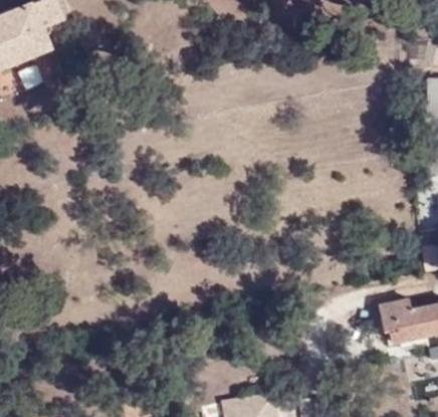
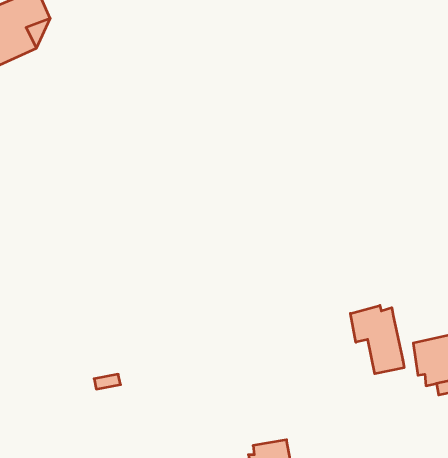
building: none -> [350,305,404,374]

